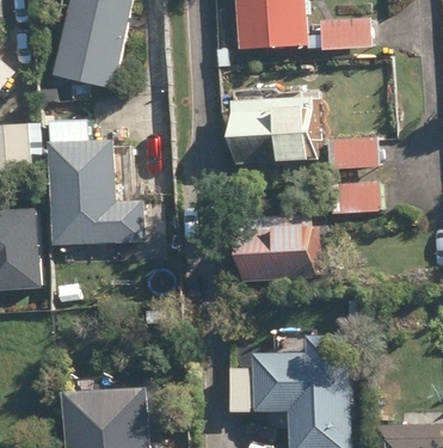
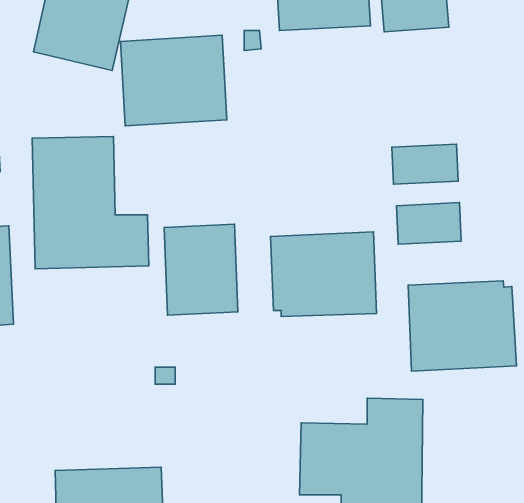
building: [232,87,314,158] -> [121,35,227,126]
building: none -> [164,224,238,315]
building: none -> [408,281,516,371]

